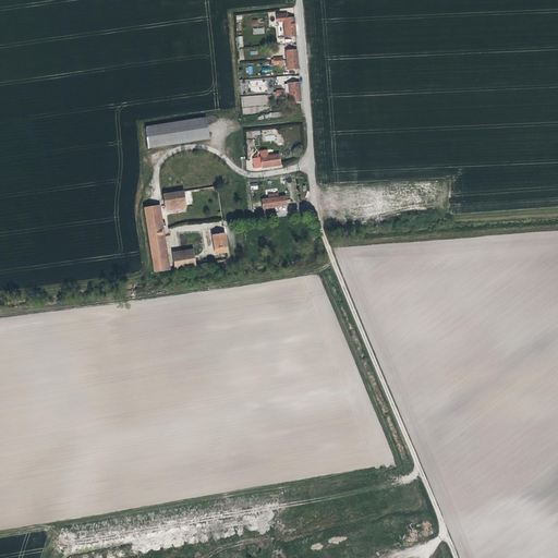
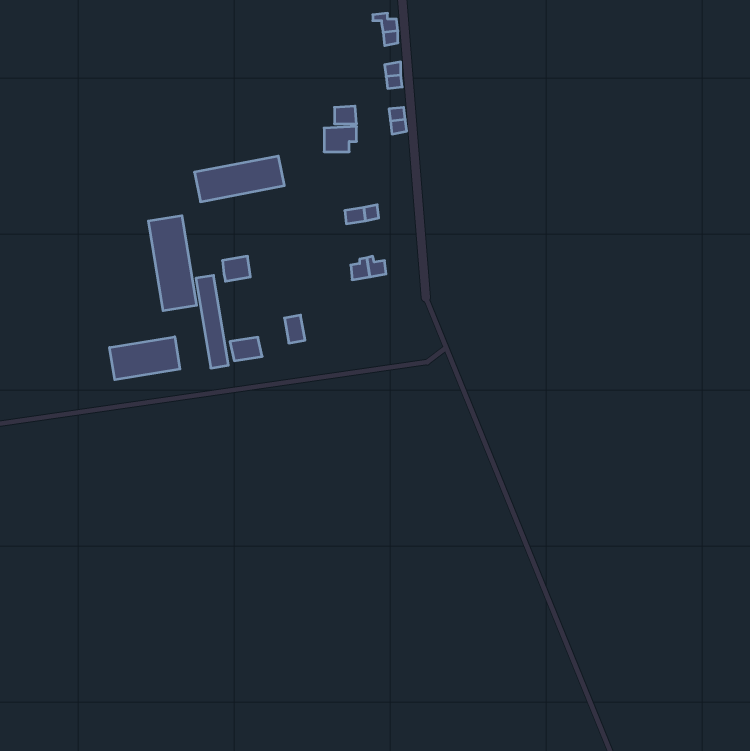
building: none -> [148,216,197,311]
building: none -> [110,337,180,380]

